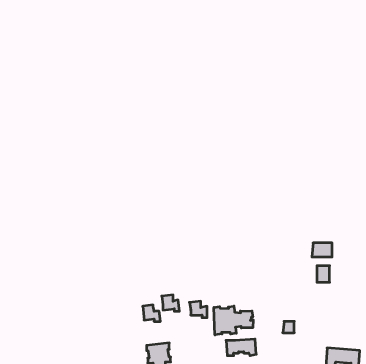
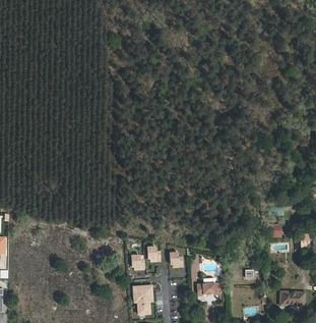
building: [214,306,253,335] -> none

